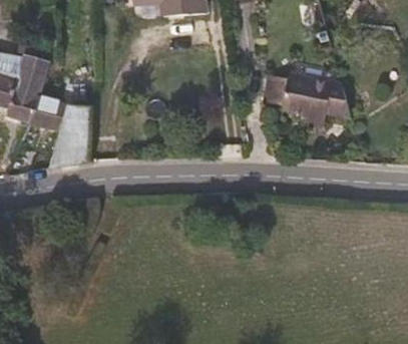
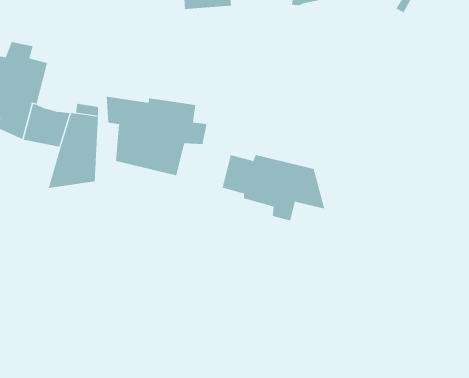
building: [265,71,352,127] -> [222,155,325,221]
building: none -> [106,96,207,176]

